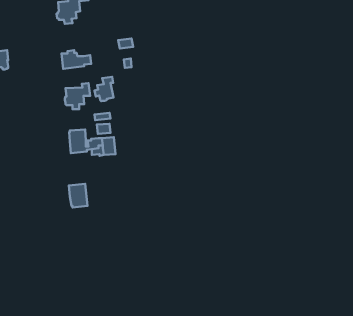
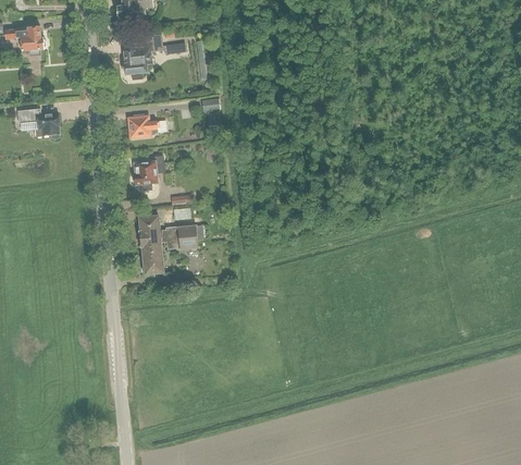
building: [94,77,113,101] -> none
building: [69,184,88,208] -> [139,243,163,273]

